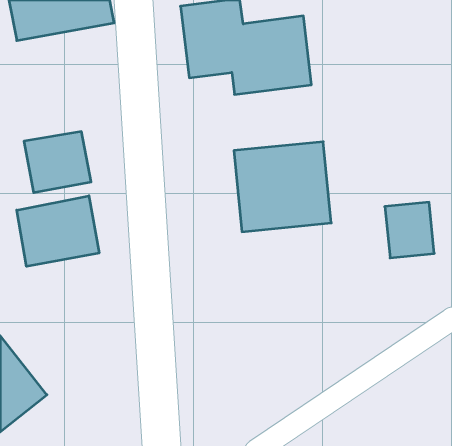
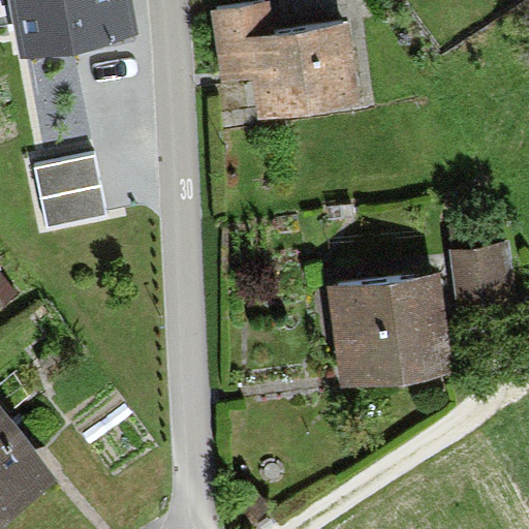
building: [234,142,331,232] -> [332,271,445,376]
building: [17,196,99,266] -> none

